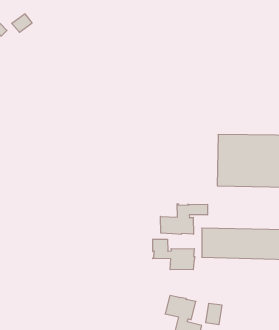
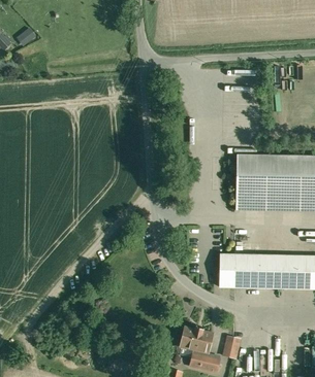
building: [161,204,208,234] -> none
building: [153,239,195,270] -> none

